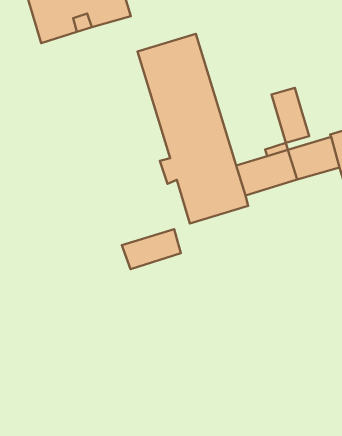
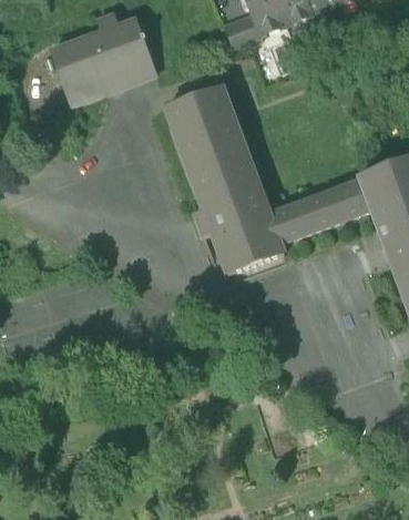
building: [271,88,309,143] -> none
building: [122,229,181,269] -> none

